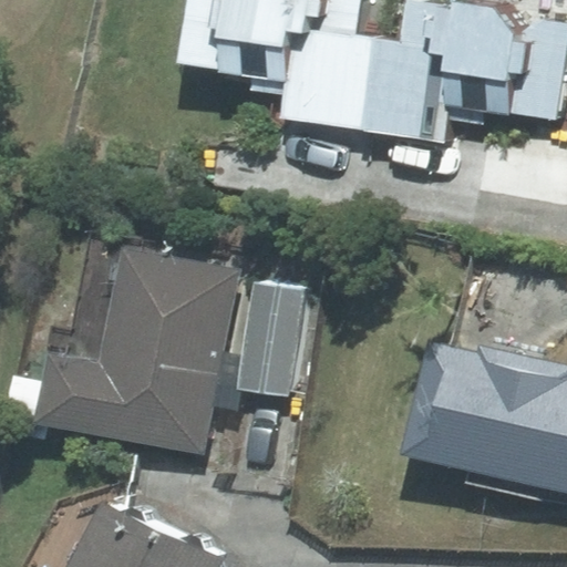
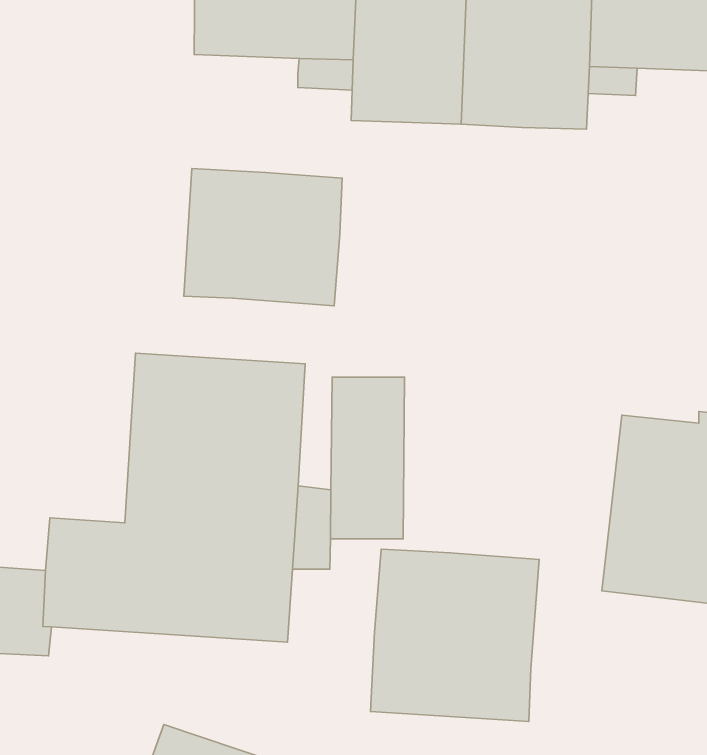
building: none -> [184,169,342,306]
building: none -> [371,549,539,721]

